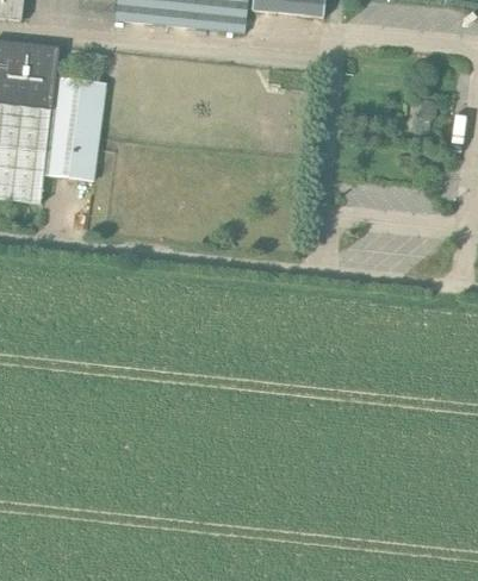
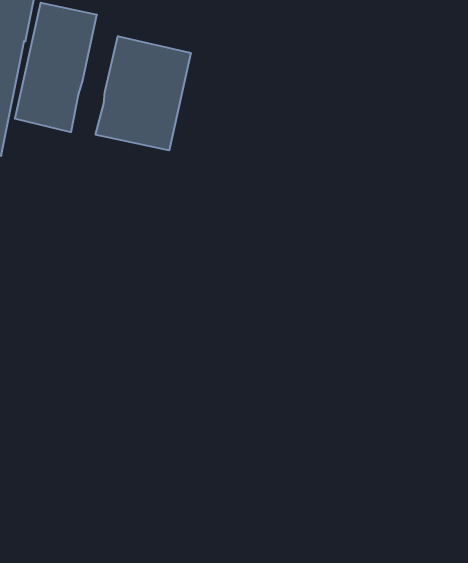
building: none -> [96,36,191,150]

